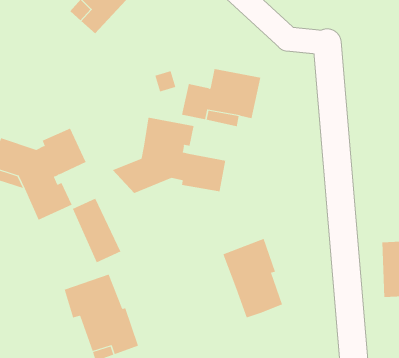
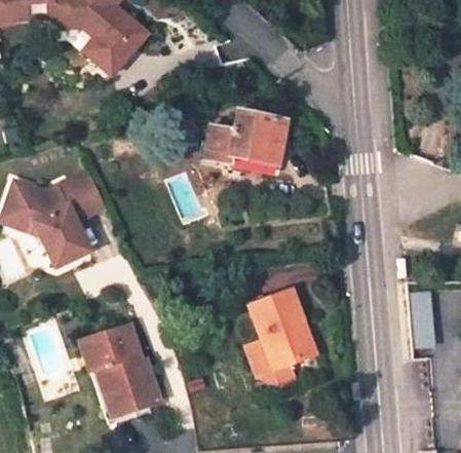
building: [112,117,226,194] -> none
building: [72,198,121,263] -> none
building: none -> [241,339,292,386]

